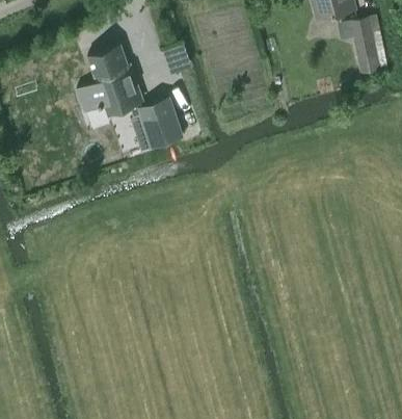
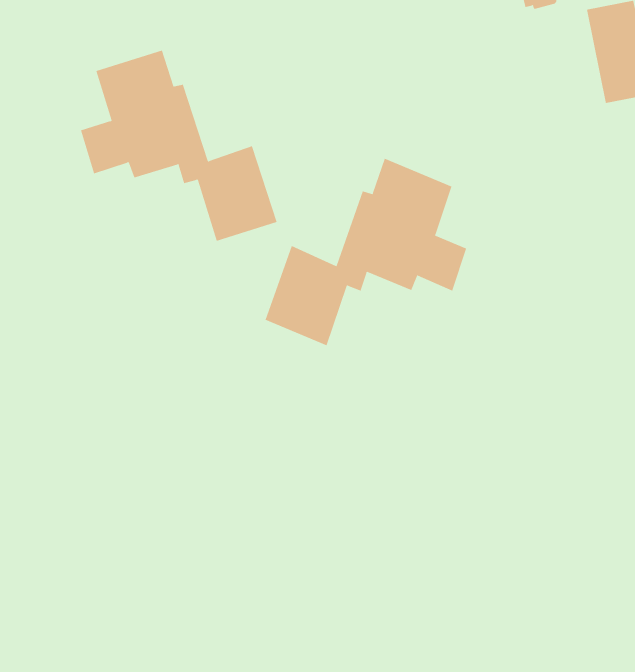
building: none -> [265,158,467,346]

